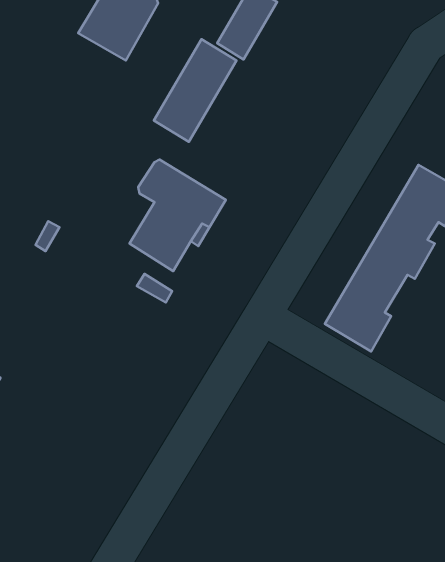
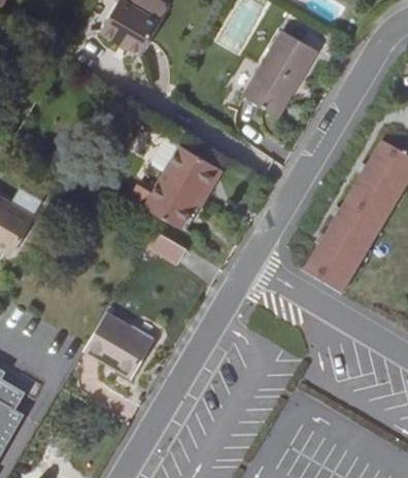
building: [154,39,236,142] -> [246,30,314,114]
building: none -> [84,311,154,377]

